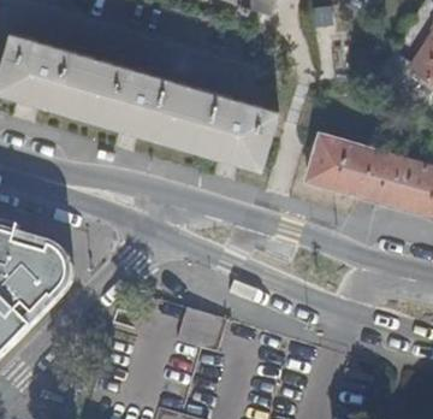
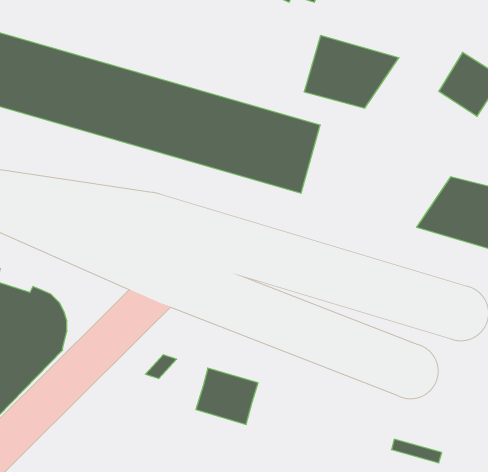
building: [304,134,381,193] -> [304,36,399,108]

